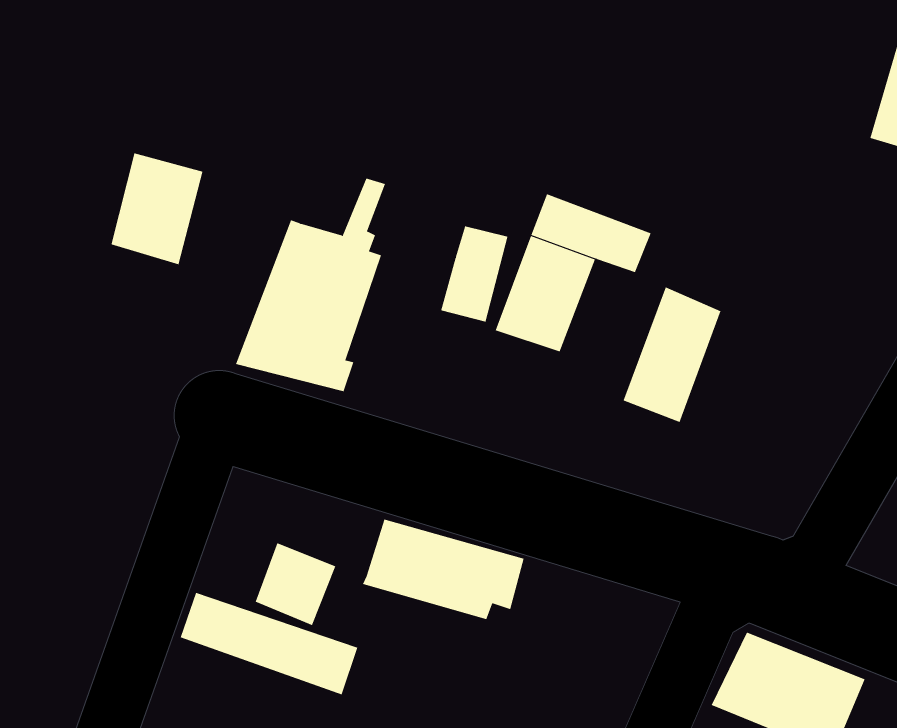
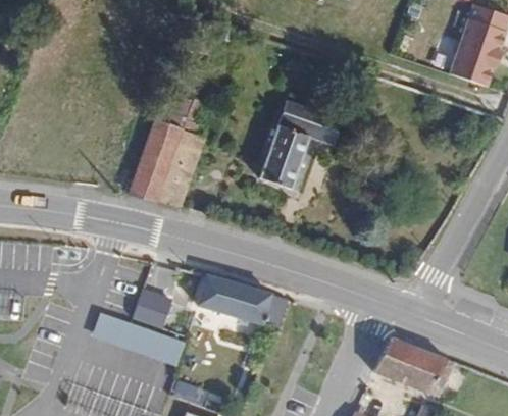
building: [111,153,203,265] -> none
building: [441,226,508,323] -> none
building: [623,287,721,423] -> none

